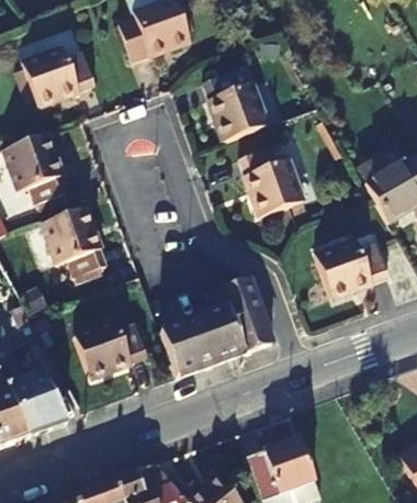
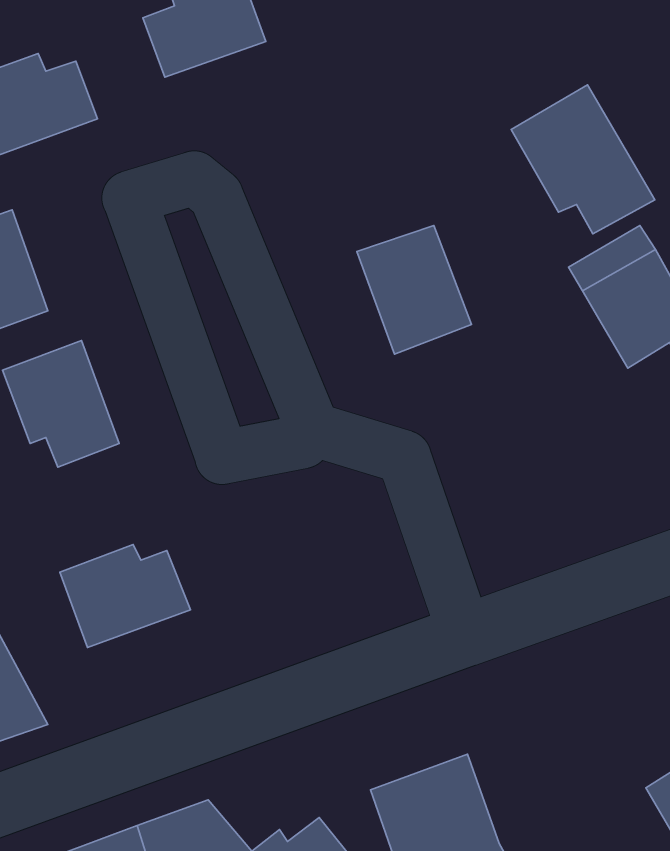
building: none -> [511,85,655,234]
building: [204,68,269,142] -> none
building: [316,242,388,298] -> none
building: [161,282,273,378] -> none

